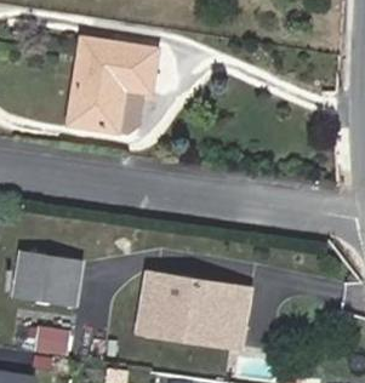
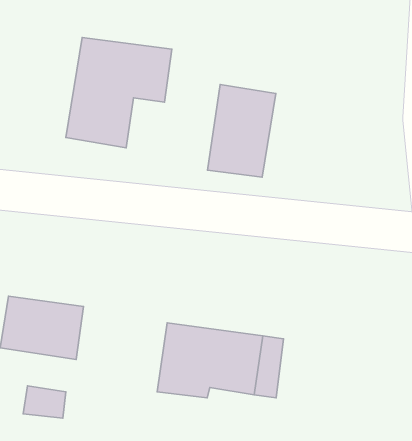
building: none -> [207,85,276,177]

